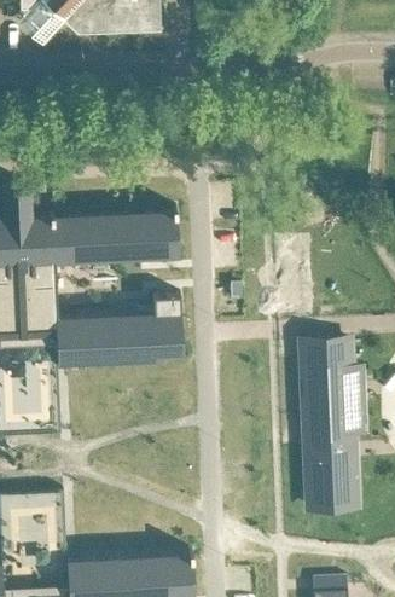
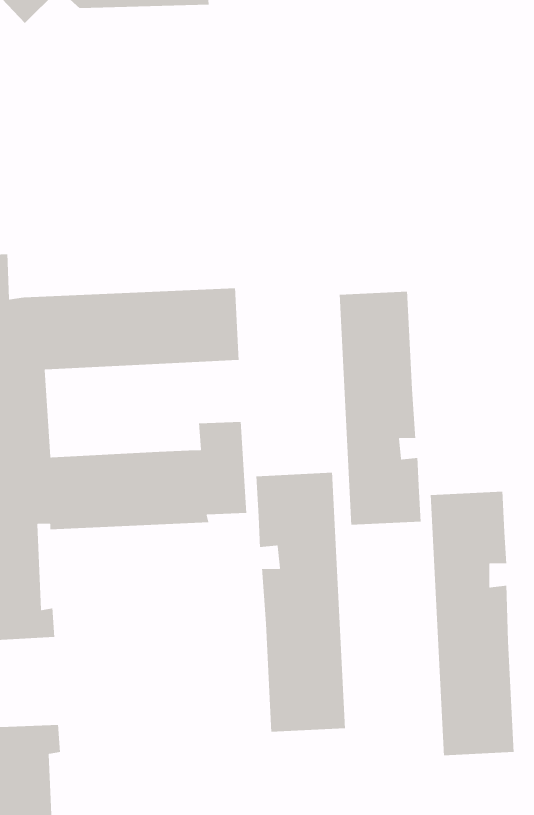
building: none -> [339,291,421,526]
building: none -> [256,472,346,733]

